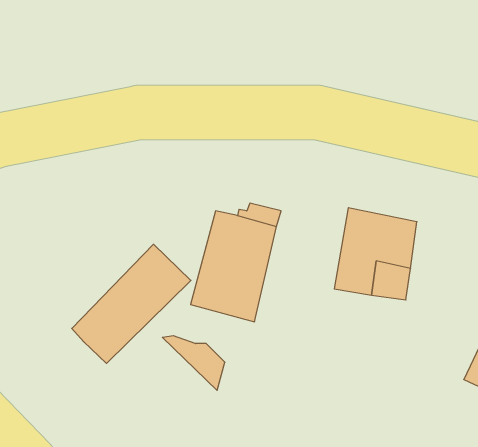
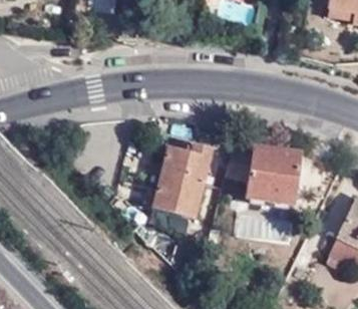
building: [72,244,191,363] -> none

